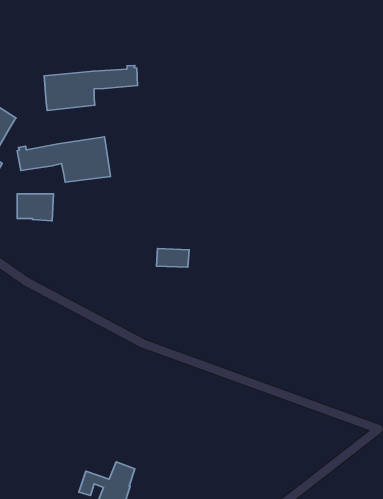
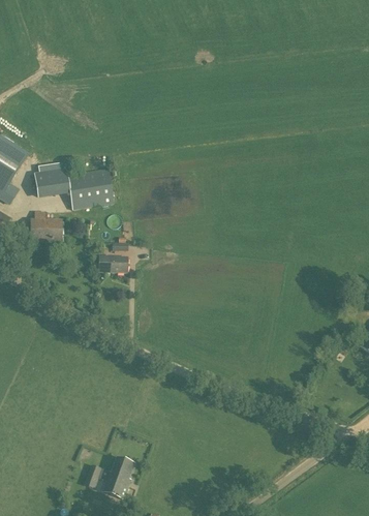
building: [44,65,138,110] -> none
building: [156,249,189,267] -> [98,255,127,272]

